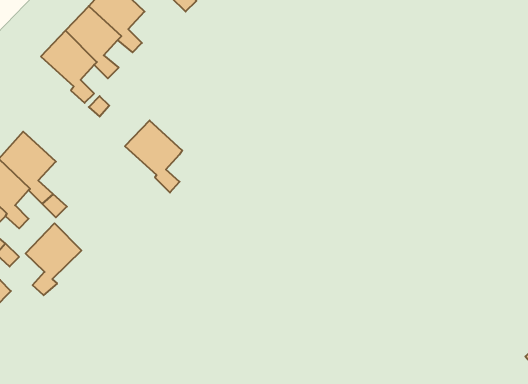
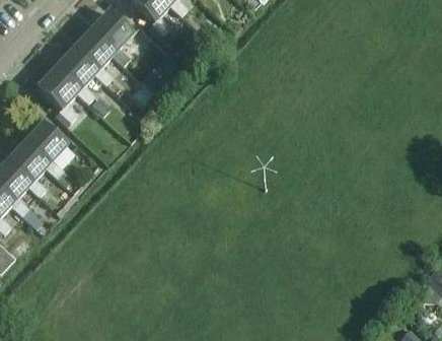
building: [125,120,182,193] -> [35,67,78,121]
building: [26,223,81,295] -> none

